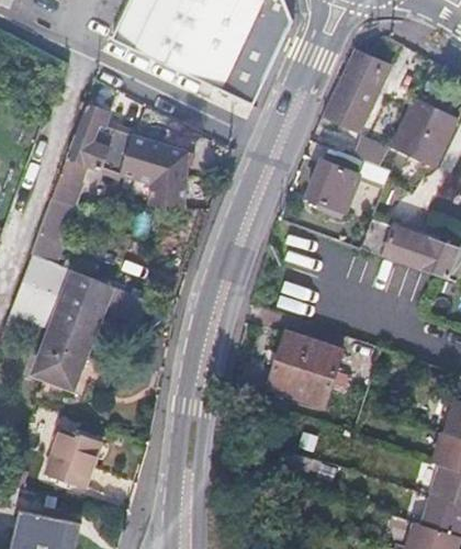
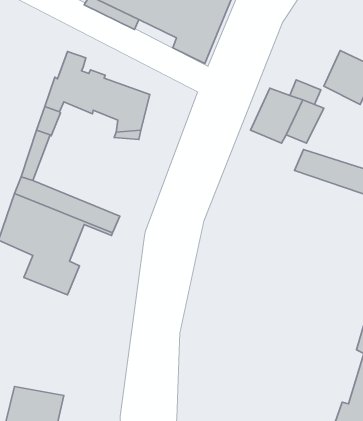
building: [323,51,380,132] -> none
building: [268,327,342,403] -> none
building: [46,426,101,490] -> none

